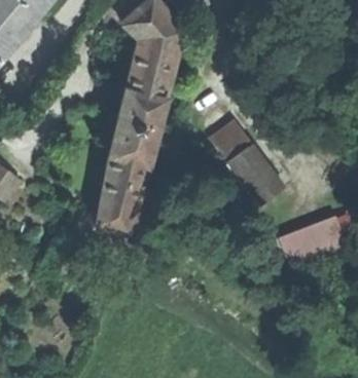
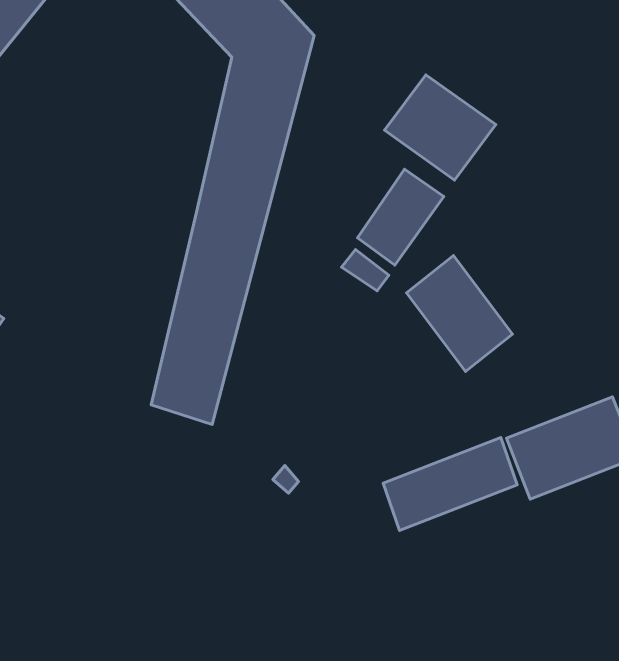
building: none -> [385,75,496,180]
building: none -> [383,437,517,531]

